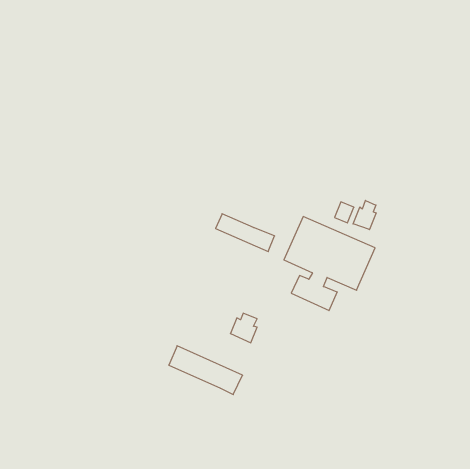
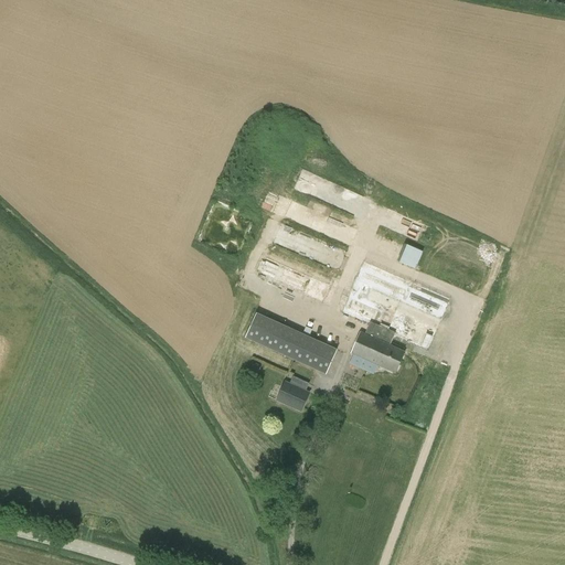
building: [353,200,376,230] -> none
building: [169,346,243,395] -> [252,318,340,376]

